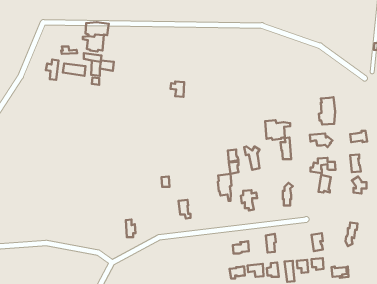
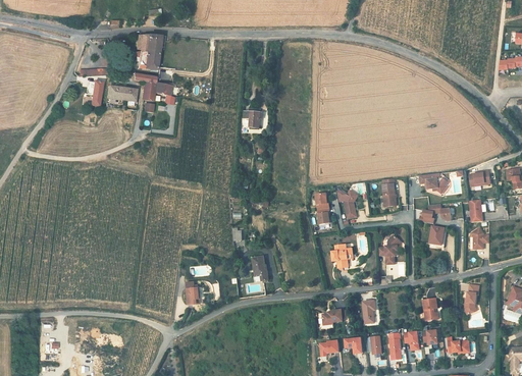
building: [319,97,335,124] -> none
building: [265,120,290,140] -> none
building: [218,174,232,201] -> none

